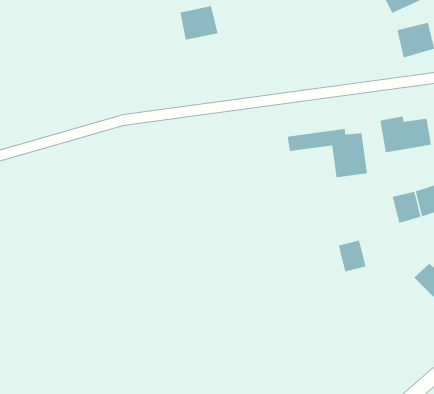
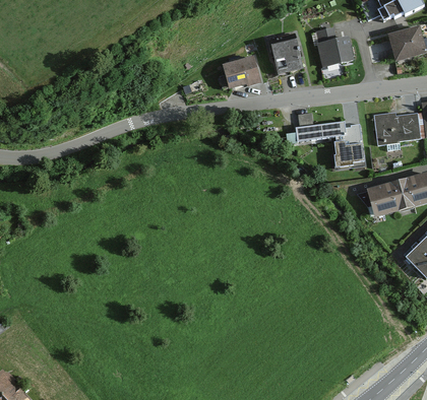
building: [180,5,218,41] -> [226,56,260,87]
building: none -> [315,25,353,66]
building: none -> [269,35,303,73]
building: [338,239,366,272] -> [367,184,392,213]

